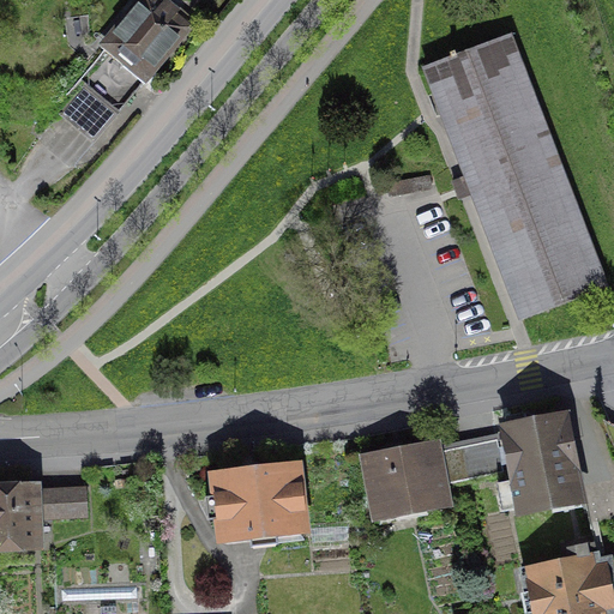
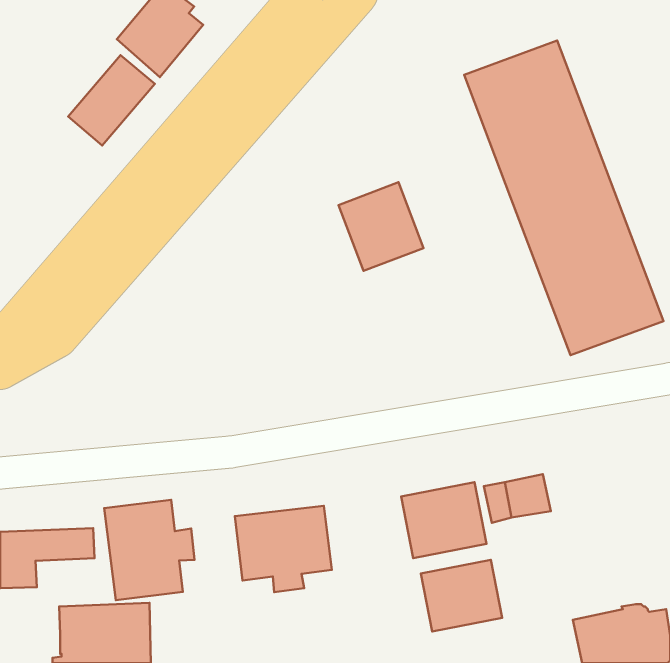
building: none -> [338,182,424,271]
building: [502,414,583,505] -> none
building: none -> [104,500,195,600]
building: none -> [421,560,502,632]

